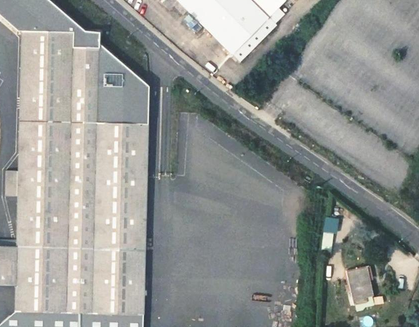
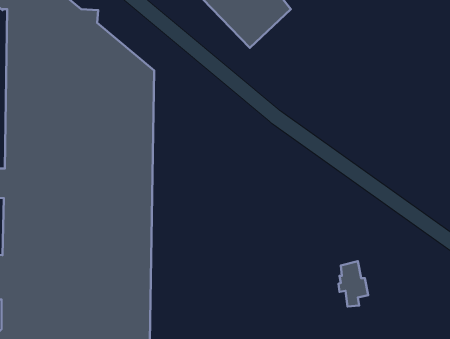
building: [348,267,374,307] -> [338,261,368,307]

